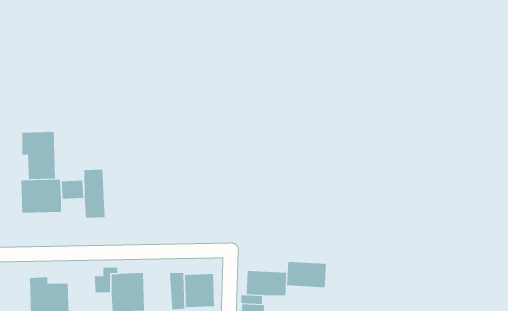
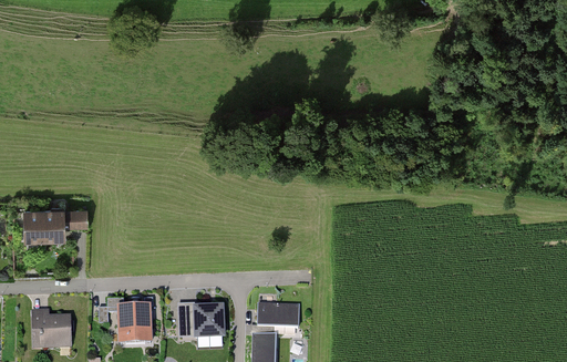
building: [22,131,56,180] -> none
building: [84,169,105,218] -> none
building: [287,261,326,288] -> none

